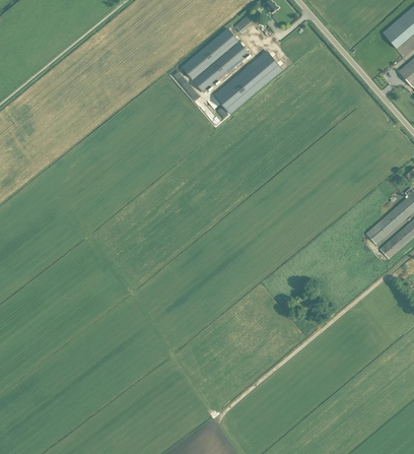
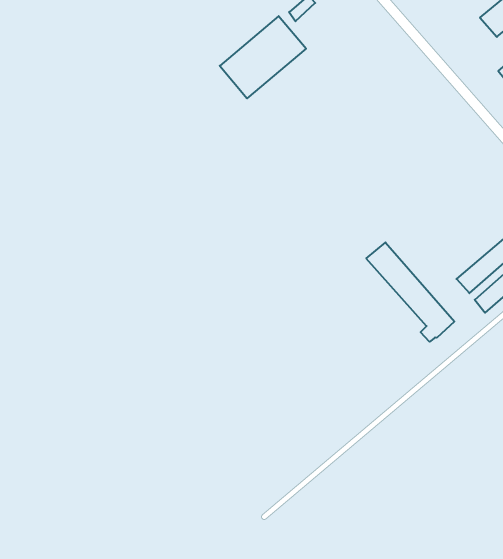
building: [213,51,281,114] -> none
building: none -> [366,242,454,342]

